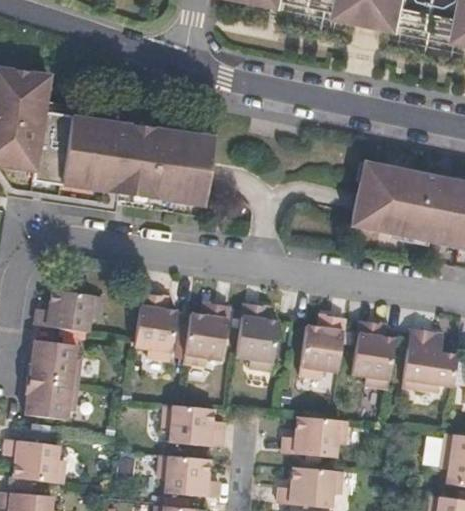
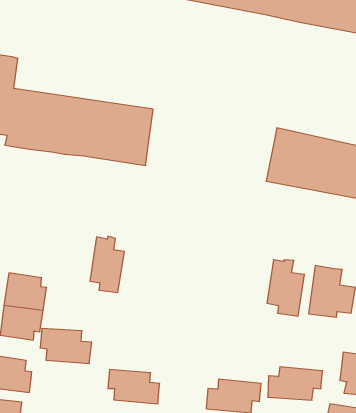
building: [36,288,102,331] -> none
building: [185,299,229,366] -> none
building: [237,303,279,370] -> none
building: [298,313,348,379] -> none
building: [163,404,226,447] -> [40,328,92,364]
building: [283,416,350,457] -> [268,367,323,400]

